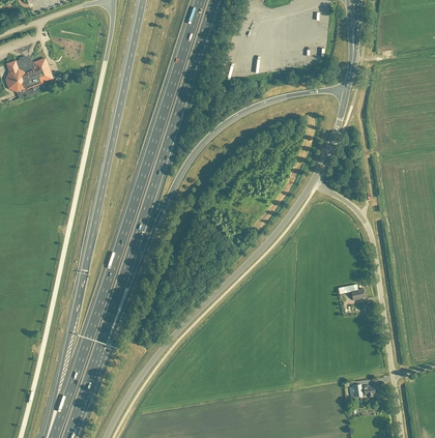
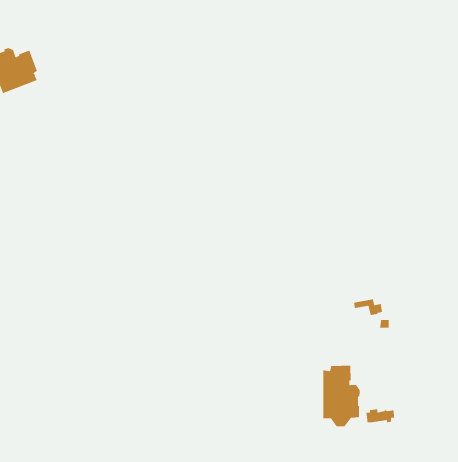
building: none -> [323,365,360,427]

